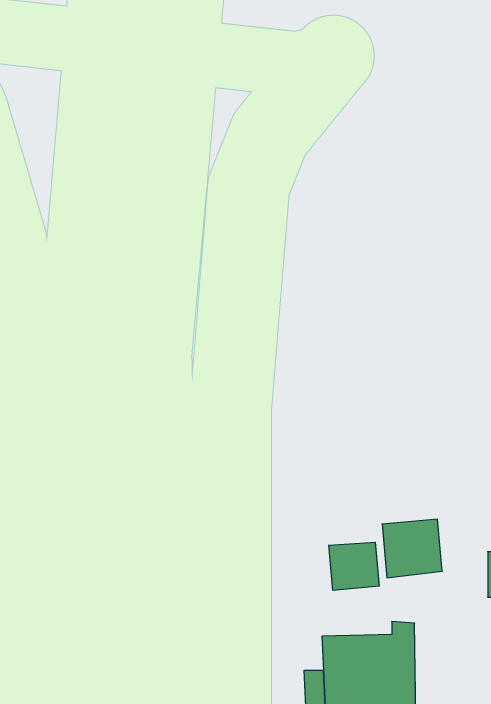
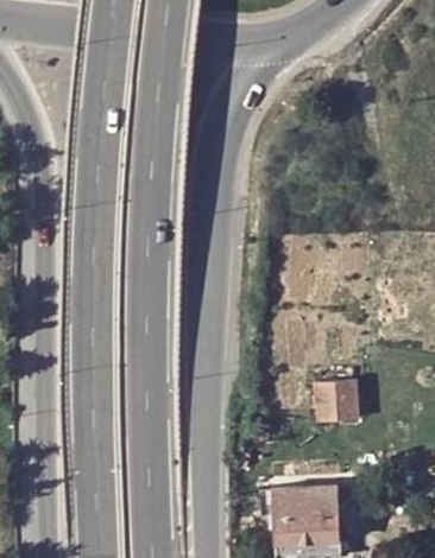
building: [329,542,379,590] -> none

